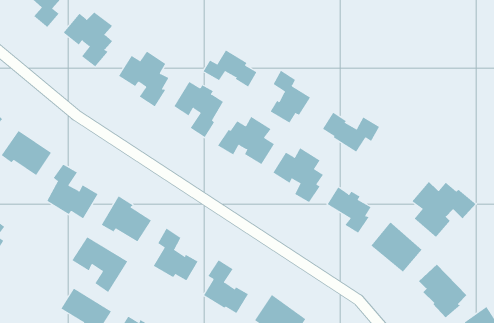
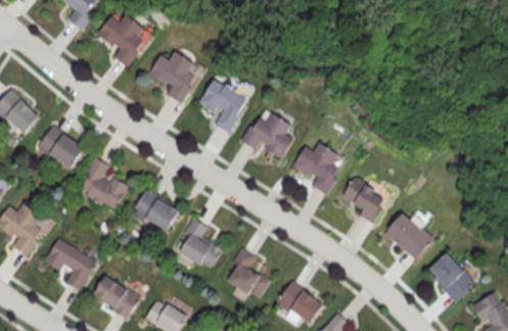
building: [203,49,257,87] -> none
building: [270,70,311,124] -> none
building: [322,112,380,153] -> none
building: [412,181,476,238] -> none
building: [72,236,128,293] -> [44,238,97,291]

